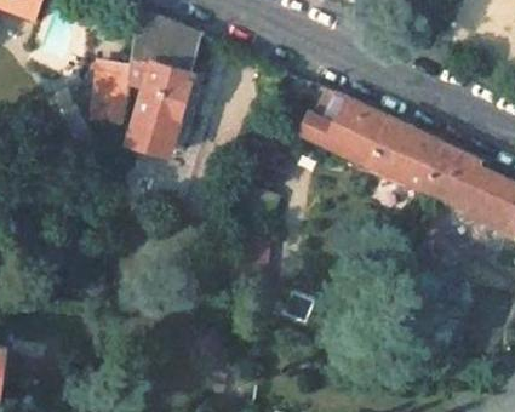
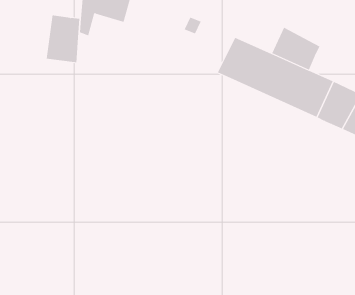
building: [130,61,191,150] -> none
building: none -> [272,27,320,70]

